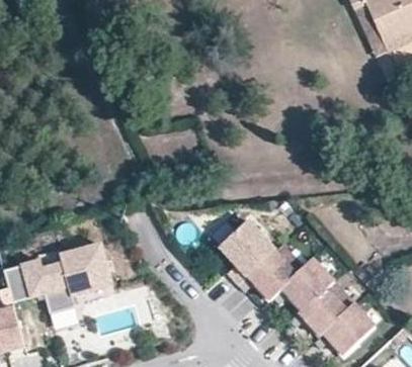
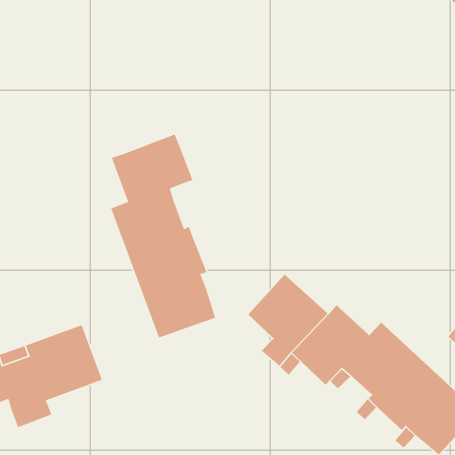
building: none -> [110,134,216,339]

